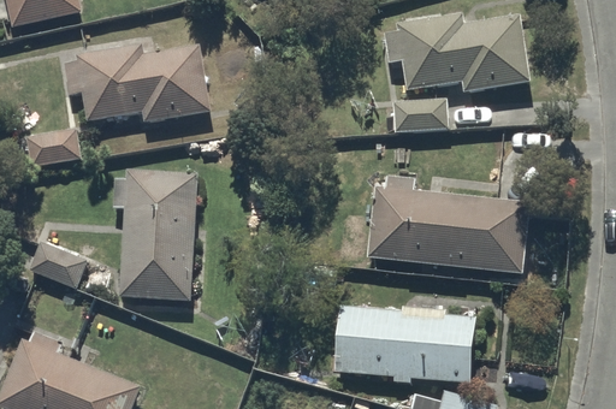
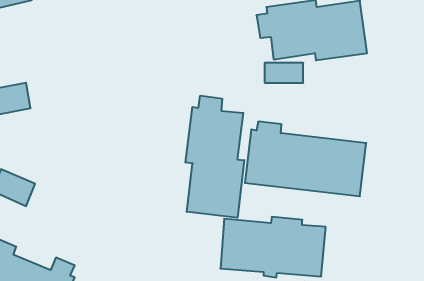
building: [63,42,208,123] -> none
building: none -> [186,96,244,218]
building: [112,171,196,300] -> none

